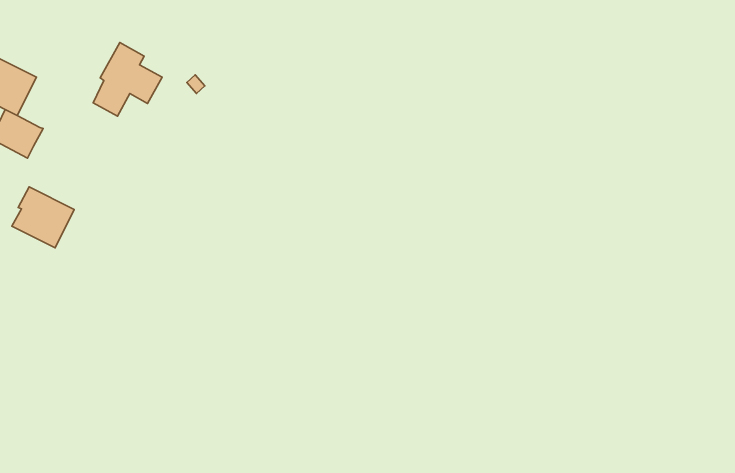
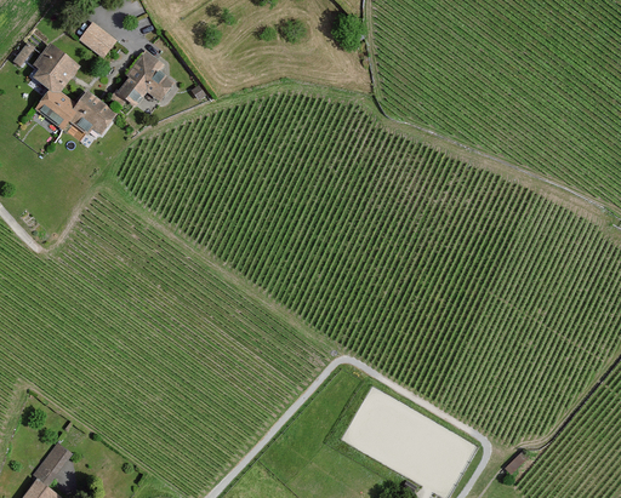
building: none -> [79,23,114,57]
building: [12,187,74,248] -> [67,91,116,141]

